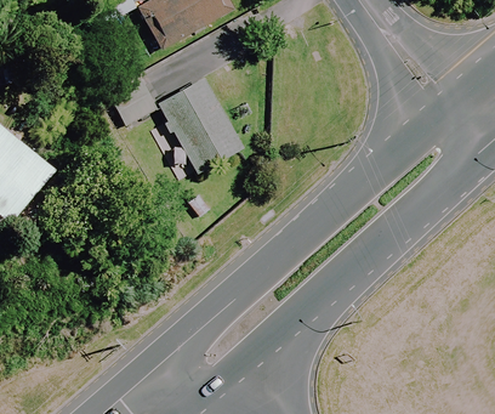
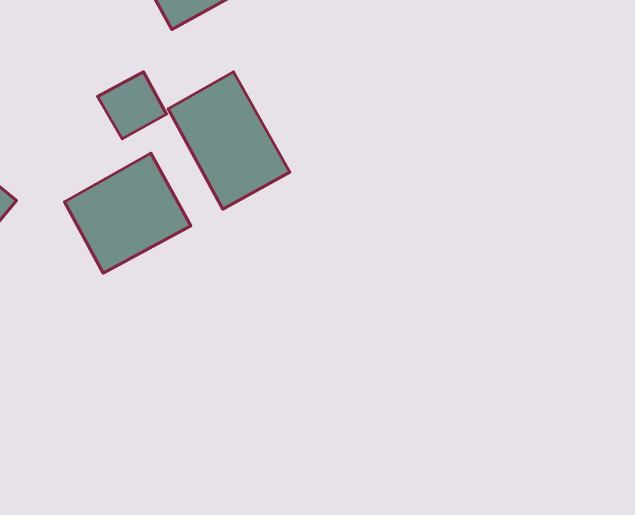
building: none -> [65,153,191,273]

